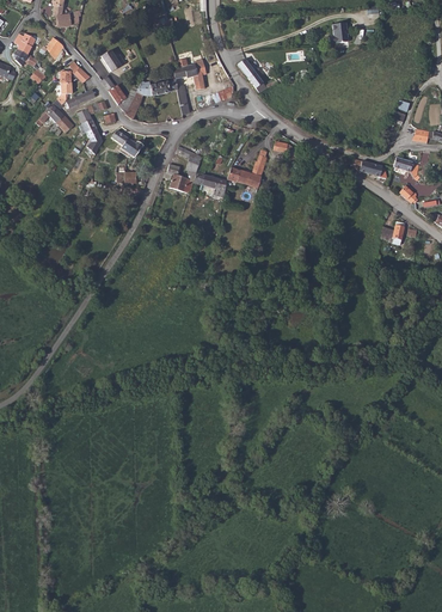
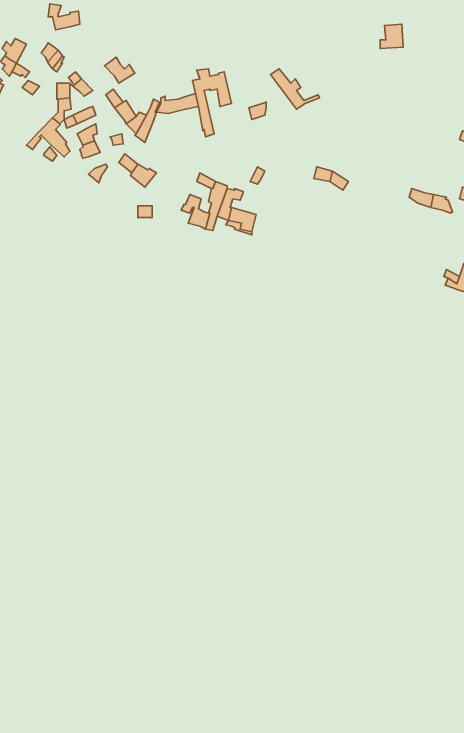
building: [227,149,268,185] -> none

